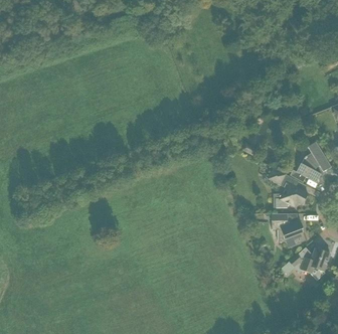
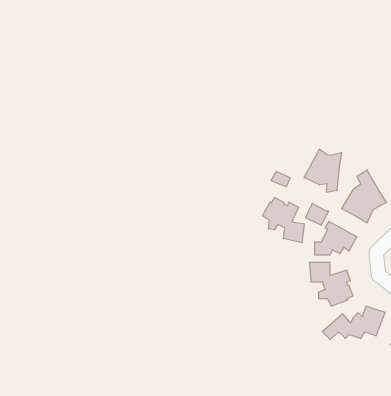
building: none -> [304,149,341,192]
building: none -> [262,197,304,243]

